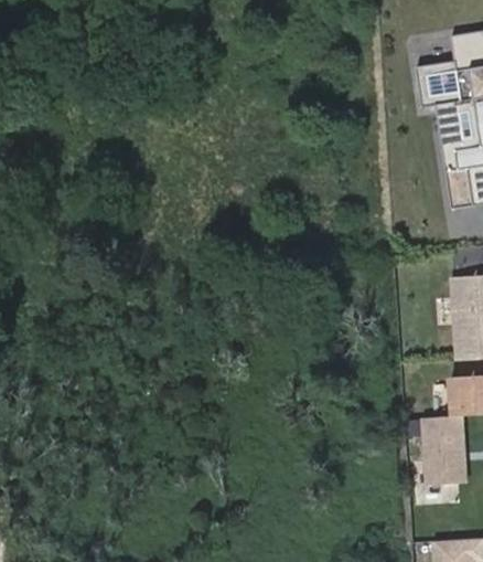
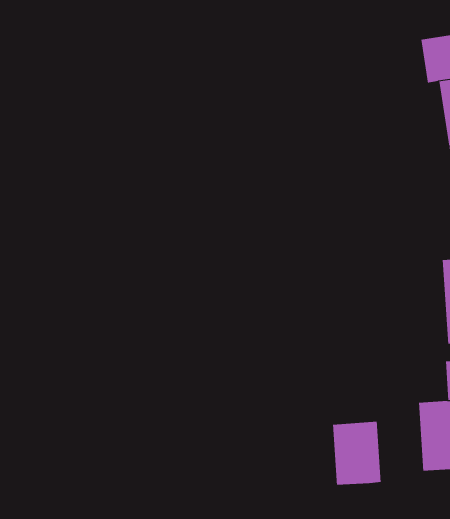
building: none -> [333,421,381,486]

